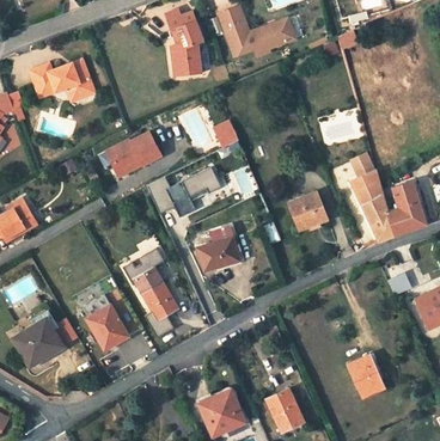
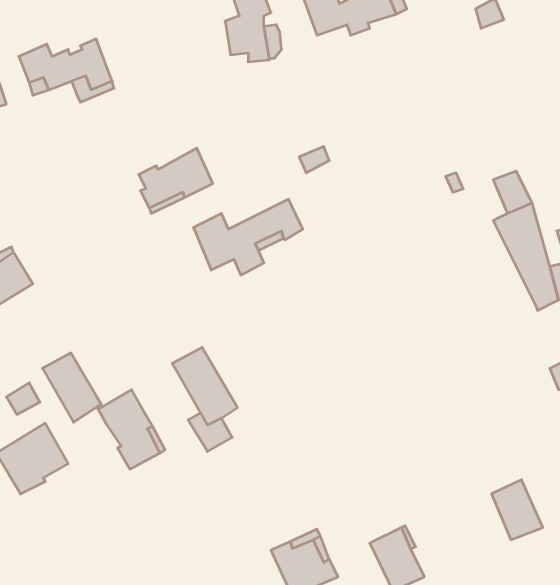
building: [288,194,326,229] -> none
building: [197,226,239,270] -> none
building: [122,247,163,284] -> none
building: none -> [42,353,101,422]

